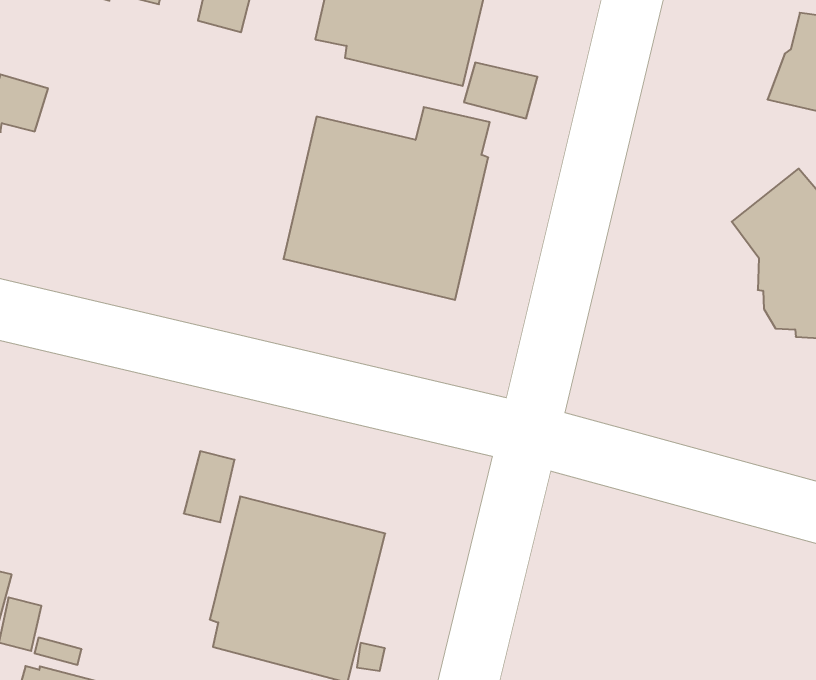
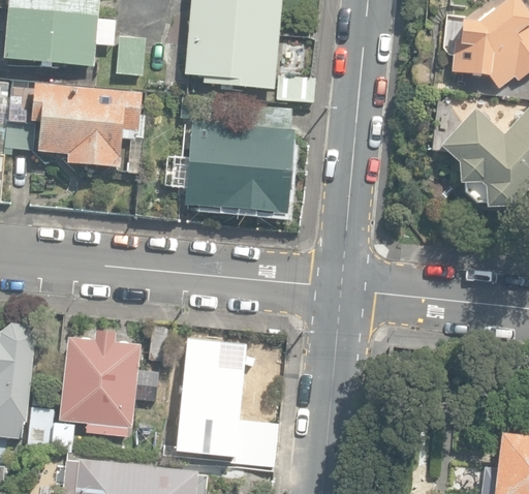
building: none -> [31,85,142,174]
building: none -> [58,329,155,435]

